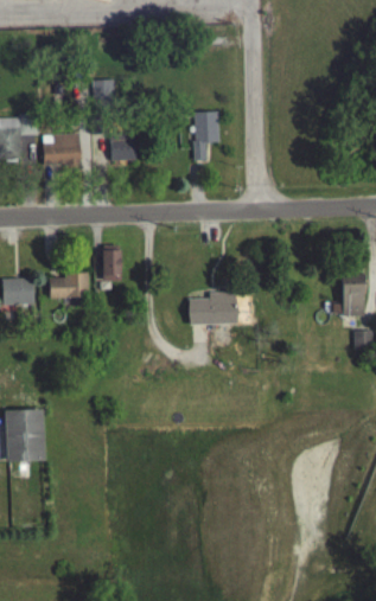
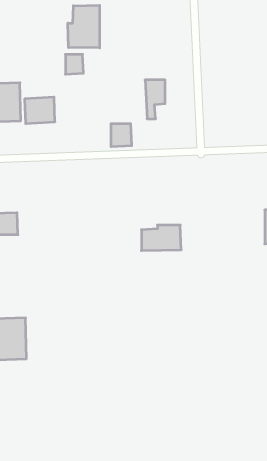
building: none -> [68,5,100,48]
building: [110,134,136,162] -> [111,124,132,147]
building: [102,251,122,282] -> none
building: [49,273,89,299] -> none

